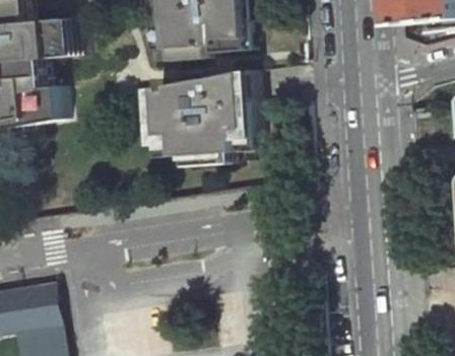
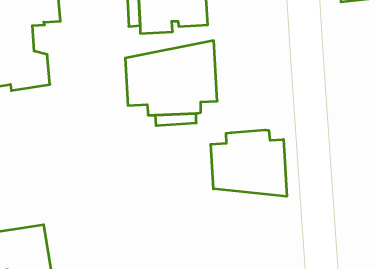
building: none -> [211,130,287,196]

